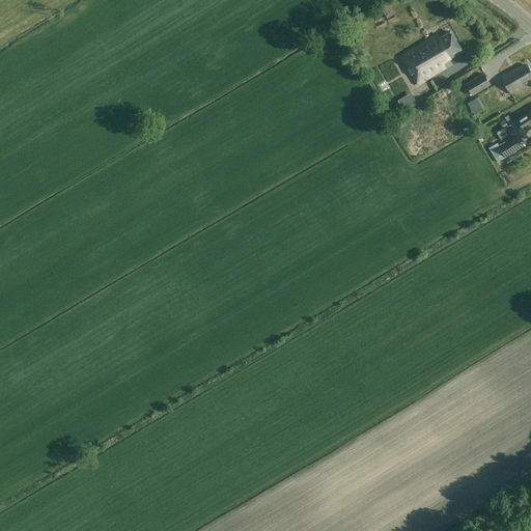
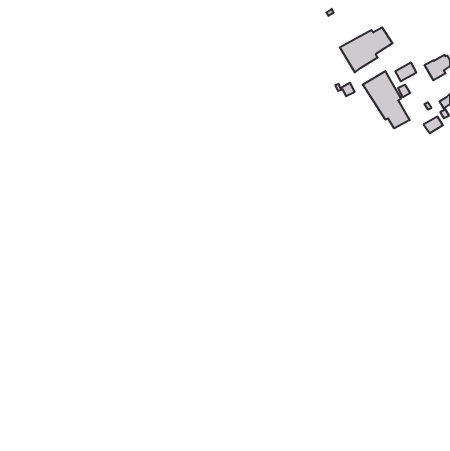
building: none -> [363,71,410,128]

